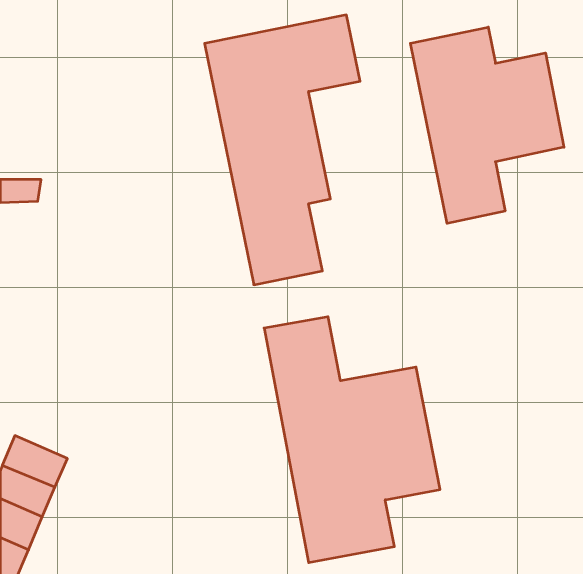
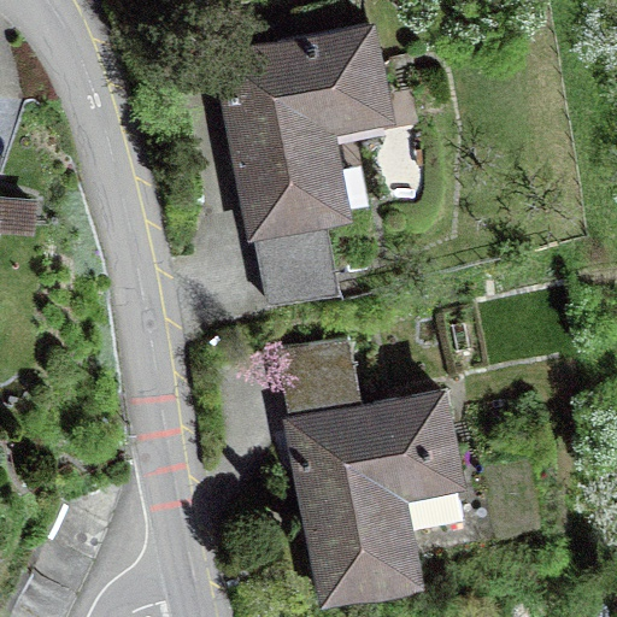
building: [410,27,564,223] -> none

